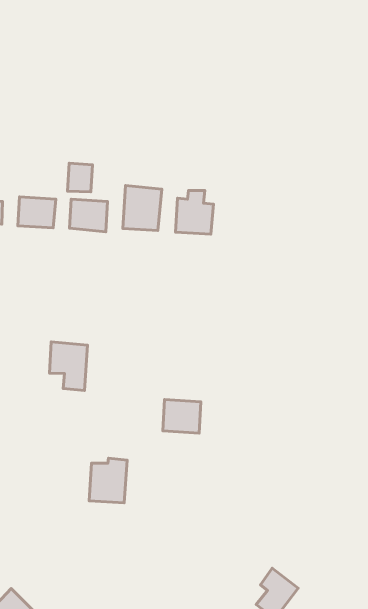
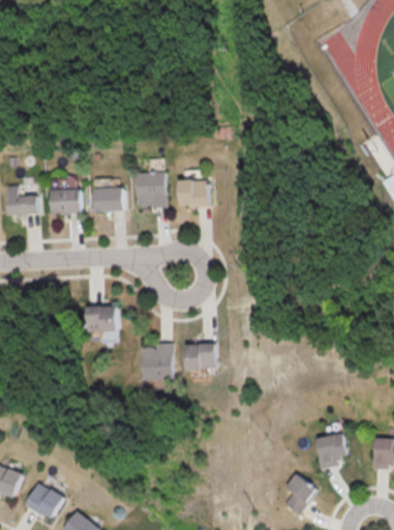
building: [68,163,92,192] -> none
building: [89,458,127,503] -> [143,344,173,380]
building: none -> [308,434,340,469]

